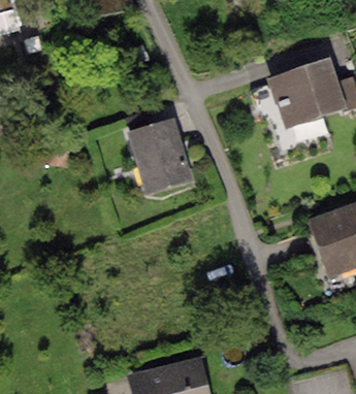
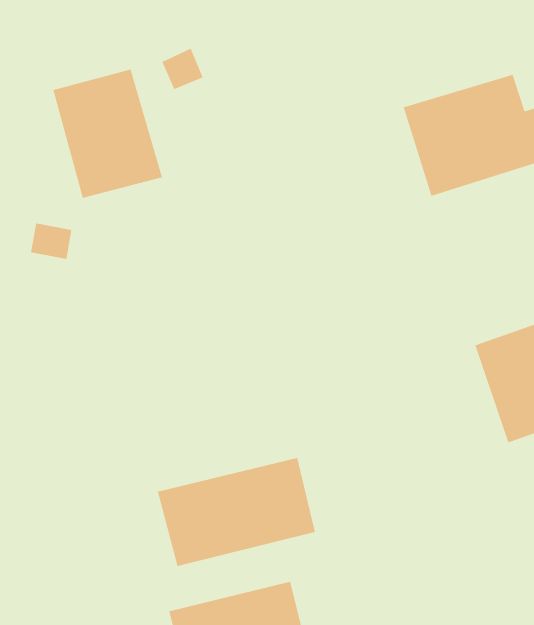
building: [127,119,192,195] -> [53,69,163,198]
building: none -> [157,457,315,567]

